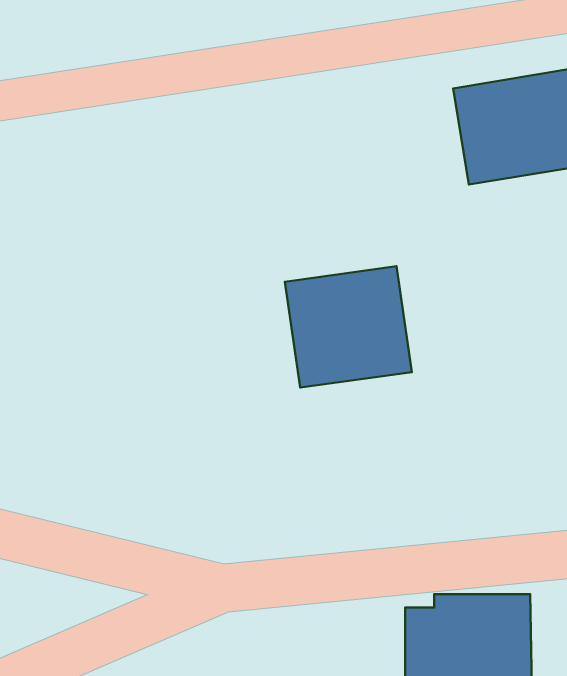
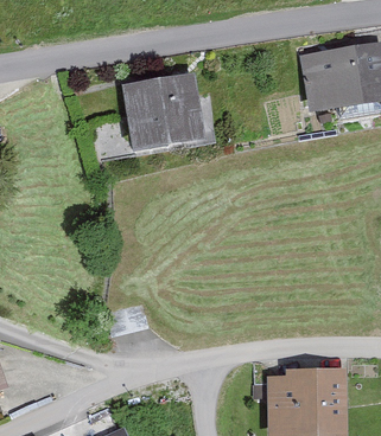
building: [285,266,412,387] -> [121,75,199,149]

